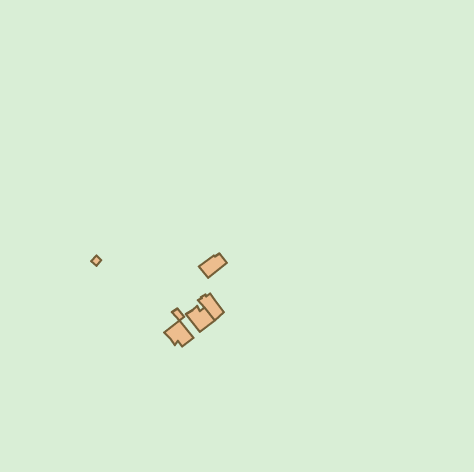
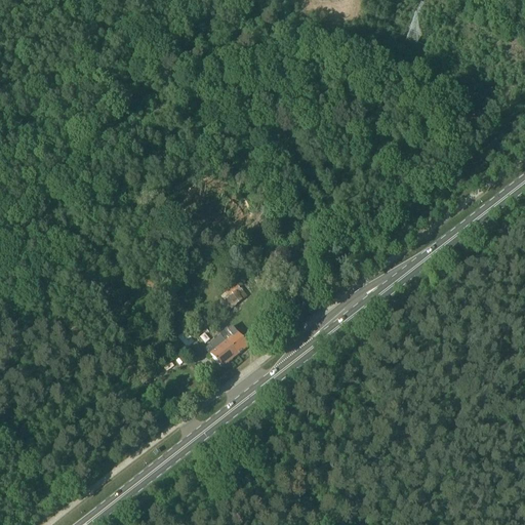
building: [164,321,193,347] -> none

